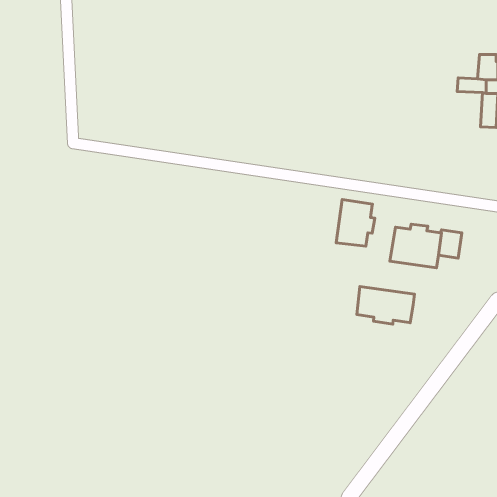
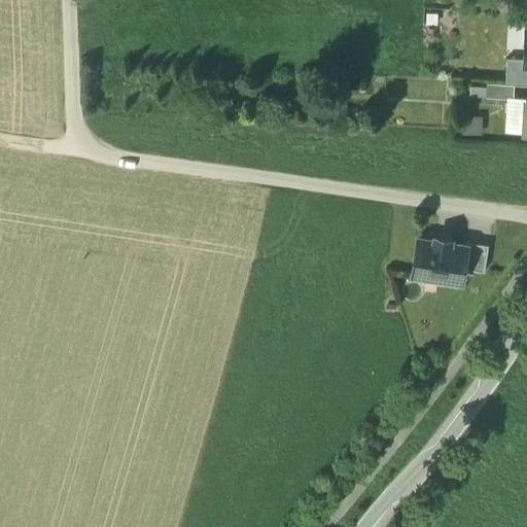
building: [336,200,375,246] -> none
building: [357,286,415,324] -> none

